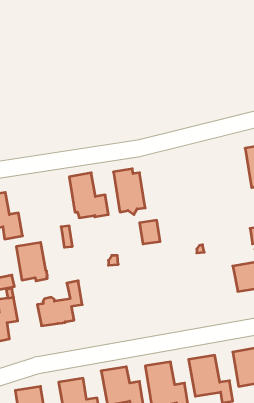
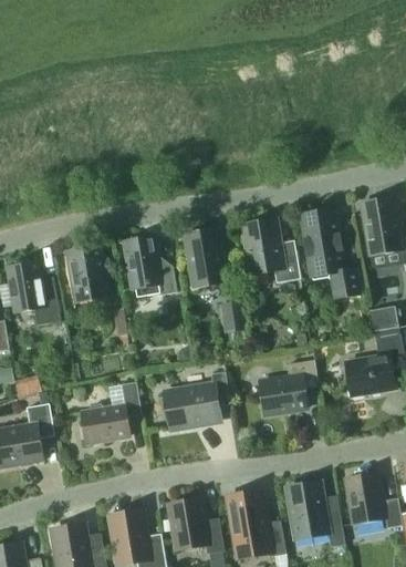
building: none -> [300,209,358,298]
building: none -> [241,220,299,284]
building: [16,242,47,281] -> [66,247,108,299]
building: none -> [163,360,229,429]
building: none -> [258,361,317,414]

